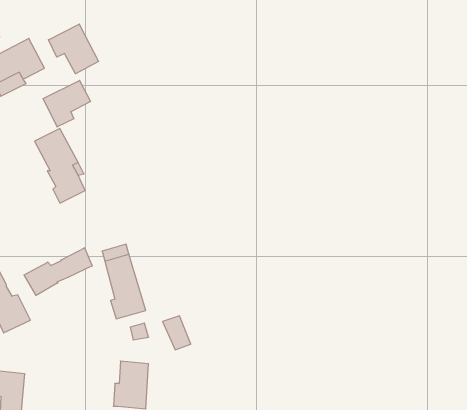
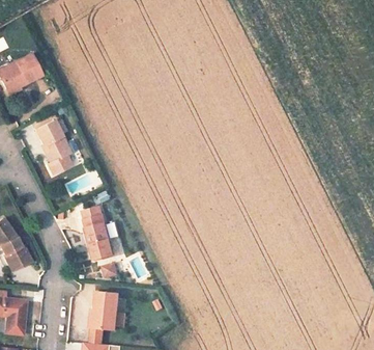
building: [48,24,99,74] -> none
building: [43,80,90,127] -> none
building: [24,248,92,295] -> none

